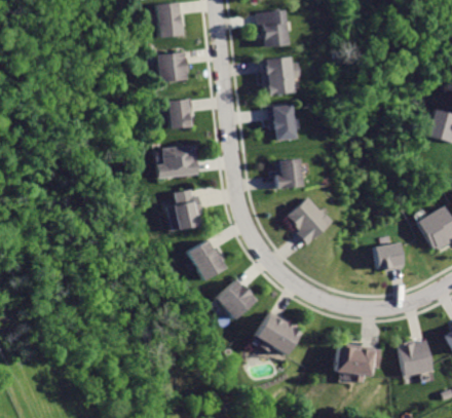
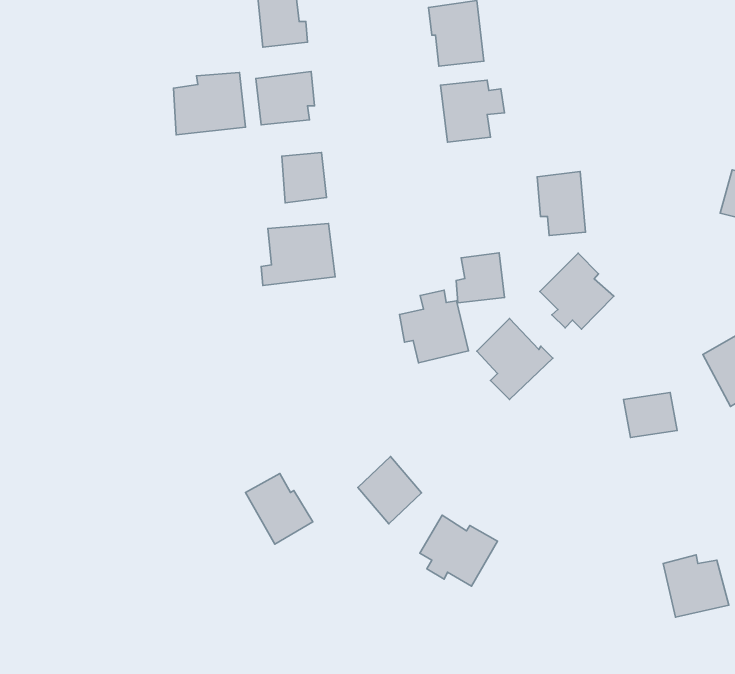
building: none -> [173,72,246,135]
building: [267,103,296,141] -> [537,172,585,236]
building: none -> [540,253,614,329]
building: [165,189,206,232] -> [399,290,468,363]
building: [186,240,226,282] -> [245,473,313,544]
building: [333,347,381,377] -> none

